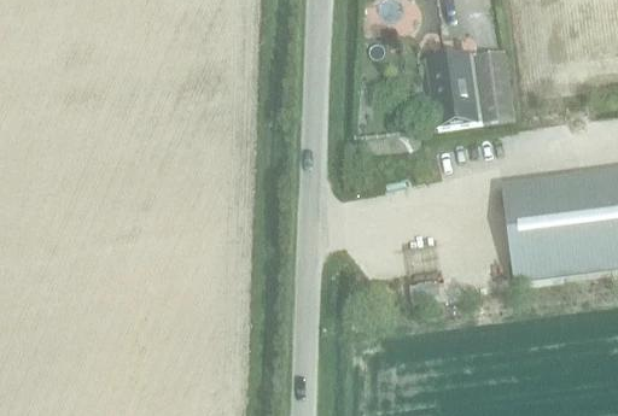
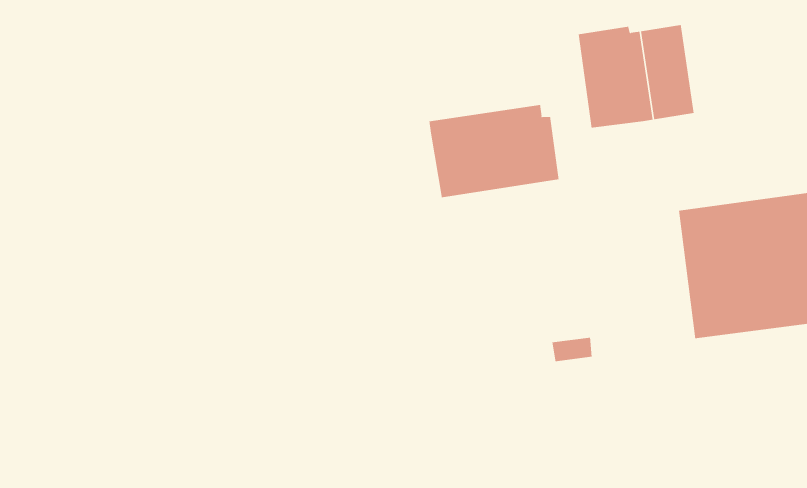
building: none -> [429,104,559,198]

